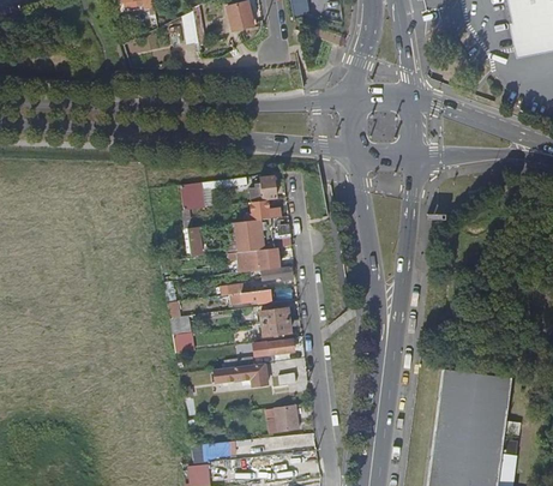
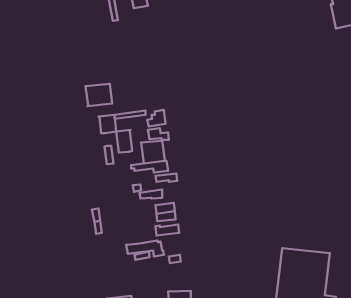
building: none -> [85,84,112,106]
building: none -> [116,130,132,152]
building: [268,406,299,432] -> none

